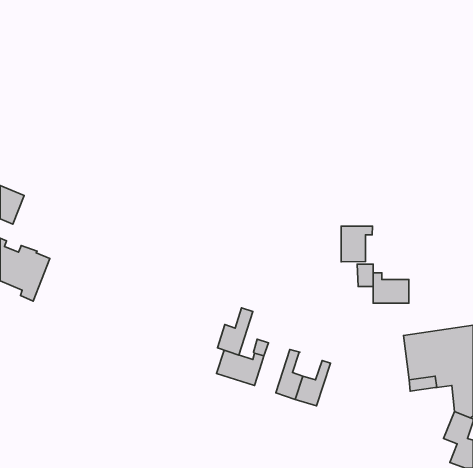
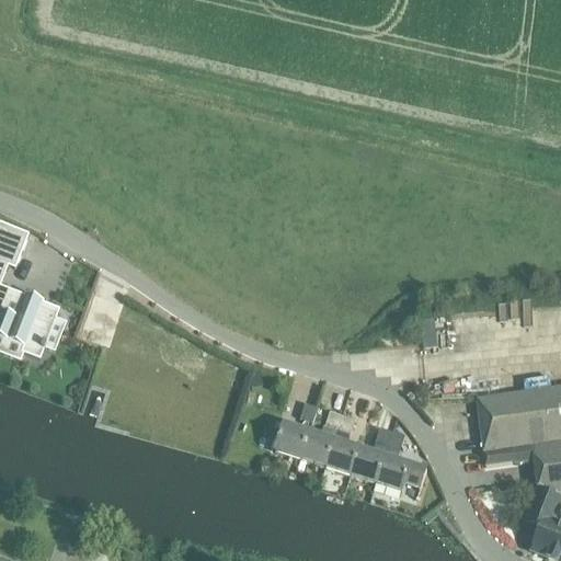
building: [341,226,372,262] -> none
building: [373,273,409,303] -> none
building: [218,308,253,355] -> [301,409,343,465]
building: none -> [375,430,427,490]

